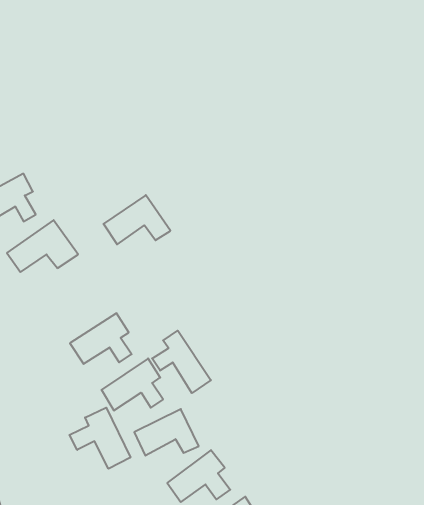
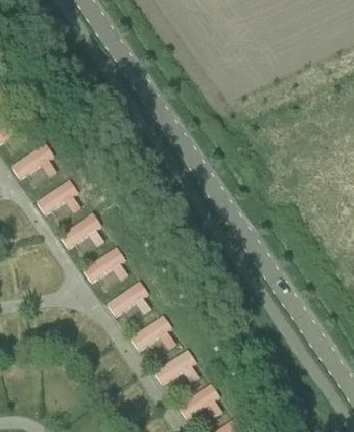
building: [103,195,170,244] -> [59,213,109,250]
building: [152,331,211,393] -> none
building: [69,408,130,469] -> none

